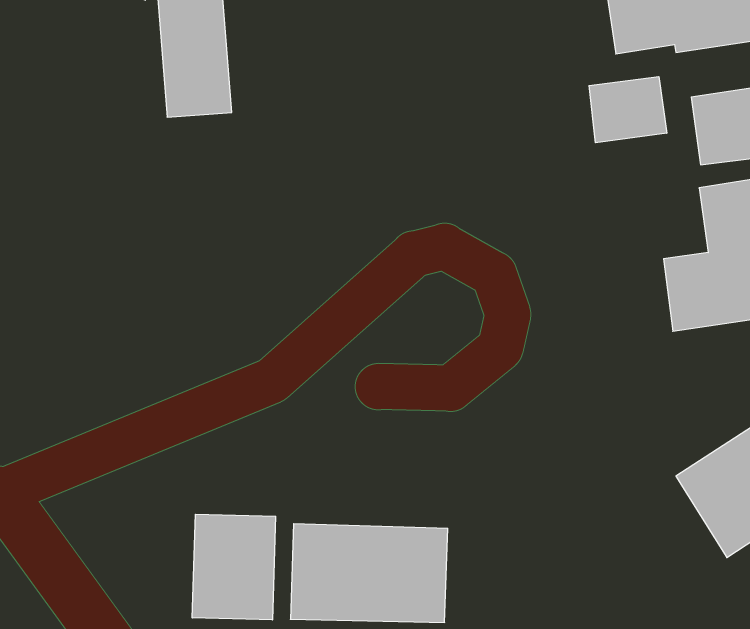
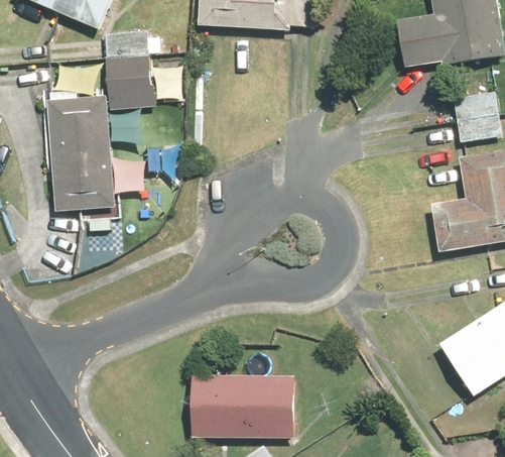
building: [589,77,667,143] -> none
building: none -> [46,91,113,205]
building: [192,514,276,620] -> none

